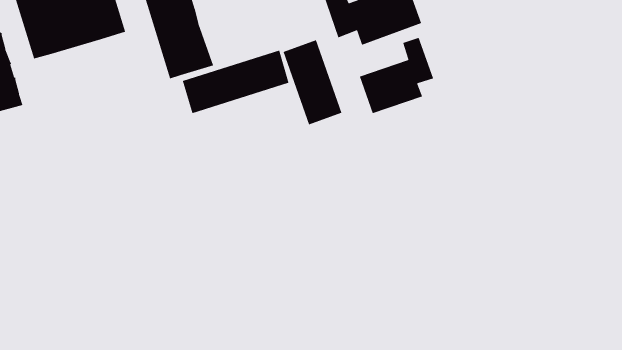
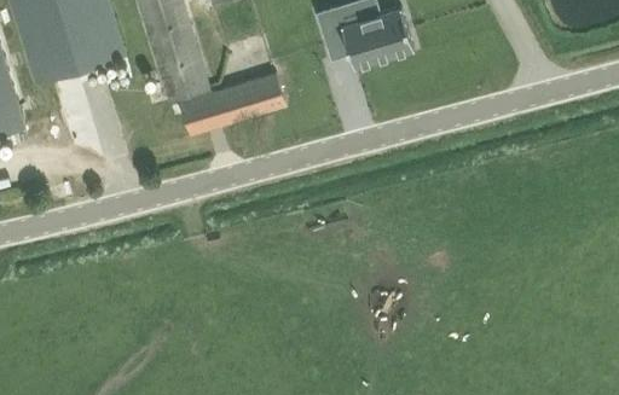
building: [359,37,434,114] -> none
building: [283,39,343,126] -> none

